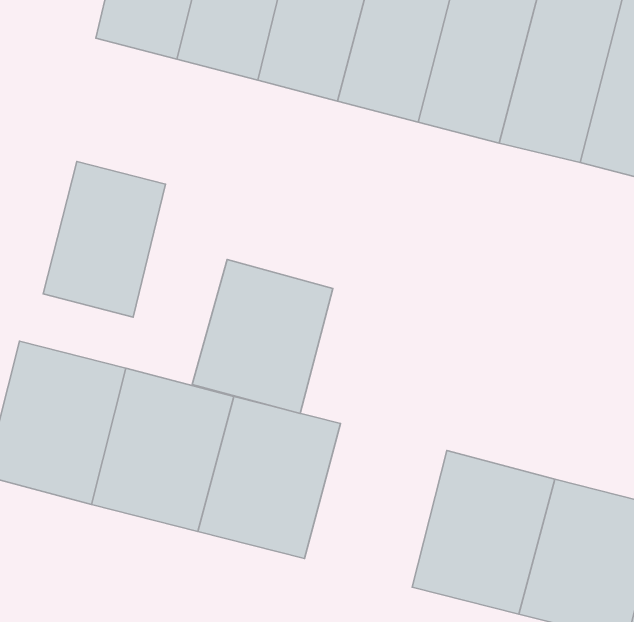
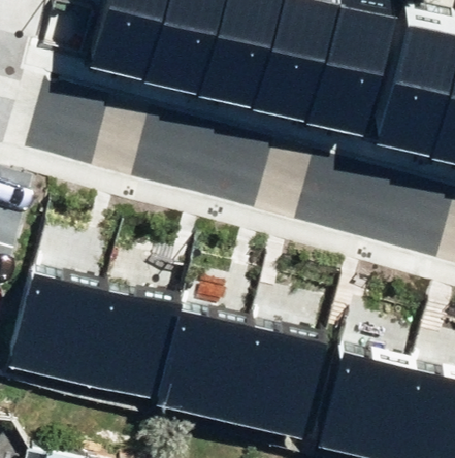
building: [43,161,166,317] -> none
building: [192,259,333,413] -> none
building: none -> [226,317,324,429]

